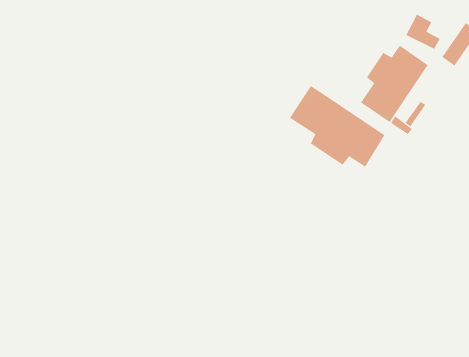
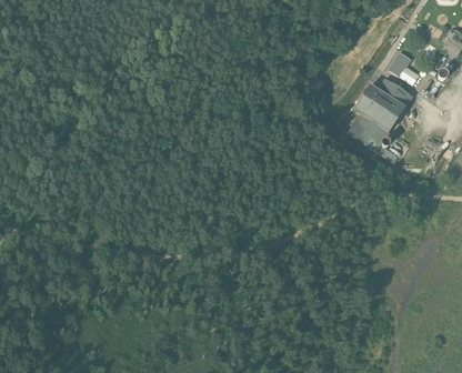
building: [289,85,385,167] -> none

